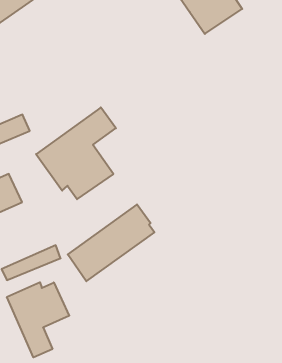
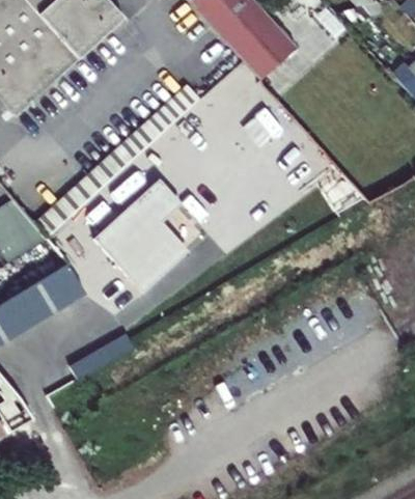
building: [68,204,154,281] -> none
building: [7,282,69,357] -> none

